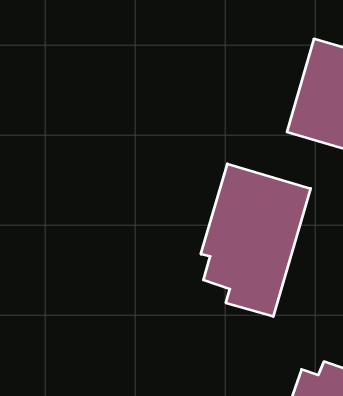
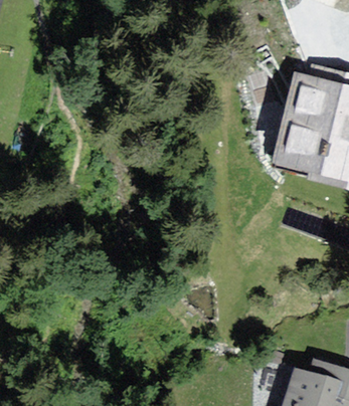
building: [201,164,311,317] -> none

